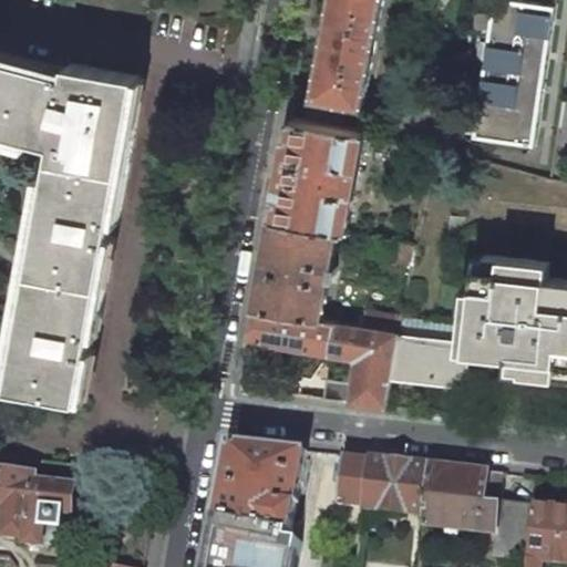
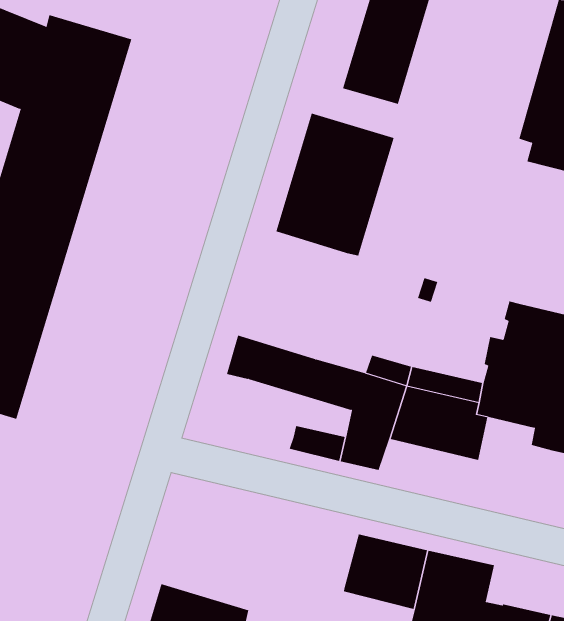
building: [249,218,330,320] -> none
building: [210,444,301,533] -> none
building: [338,457,368,506] -> none

